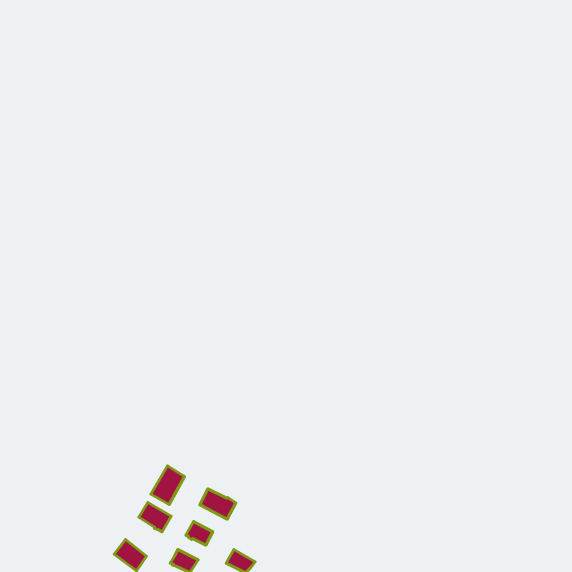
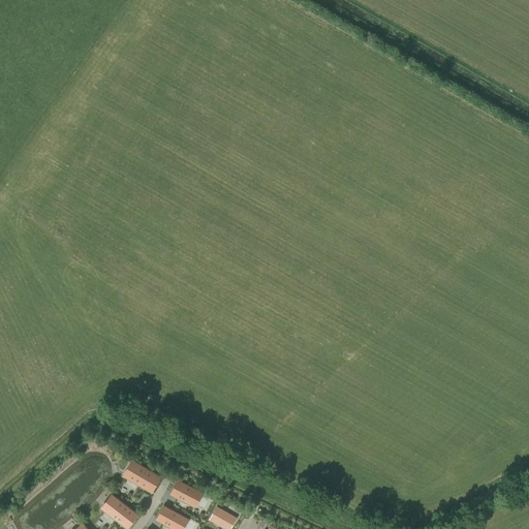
building: [151,466,185,505] -> none
building: [200,489,236,519] -> none

